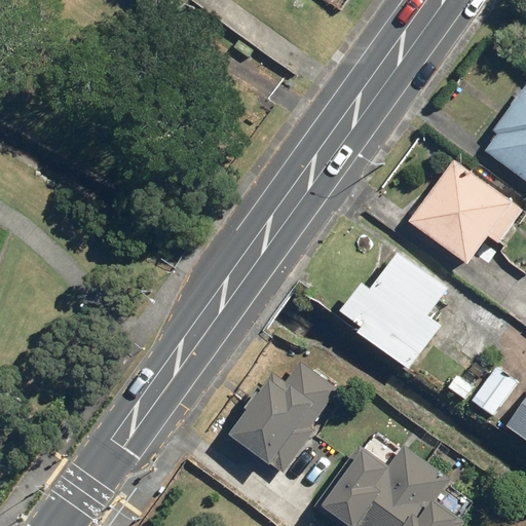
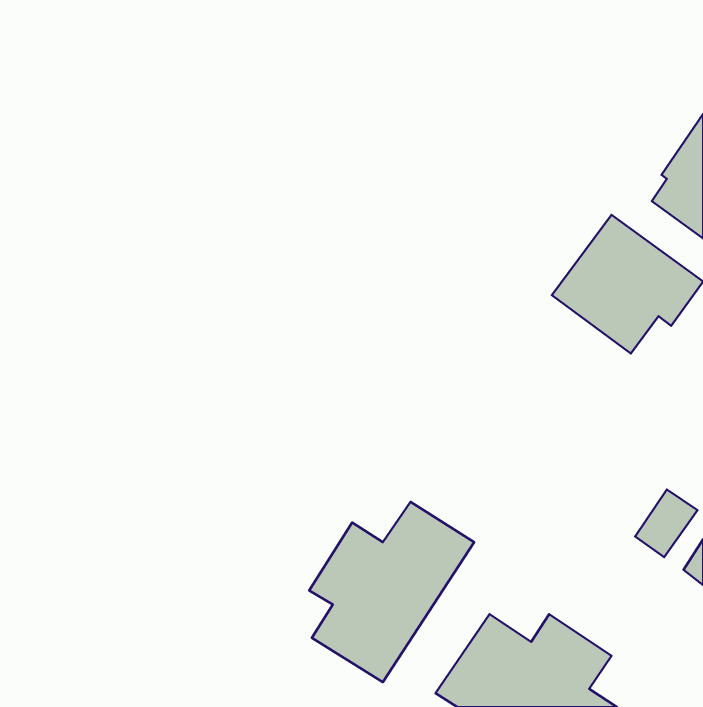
building: [343,251,447,368] -> none

